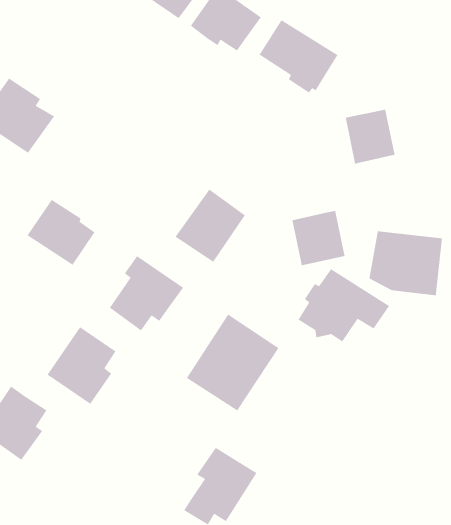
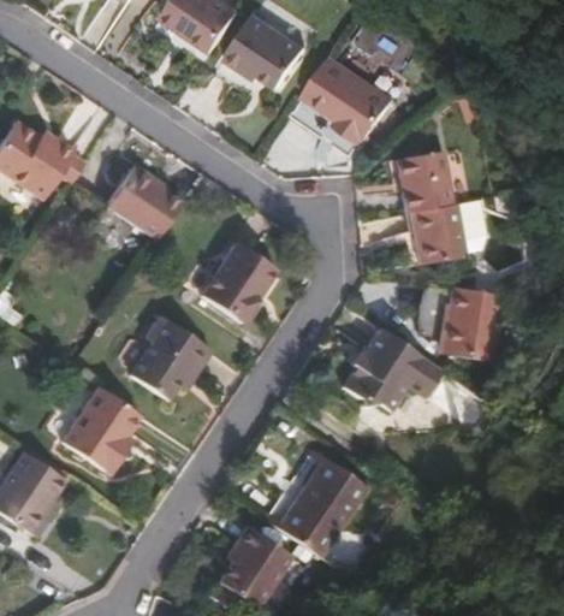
building: [27,199,96,266] -> [105,168,182,243]
building: [292,210,345,266] -> [409,200,469,262]
building: [186,314,280,412] -> [268,449,373,558]

